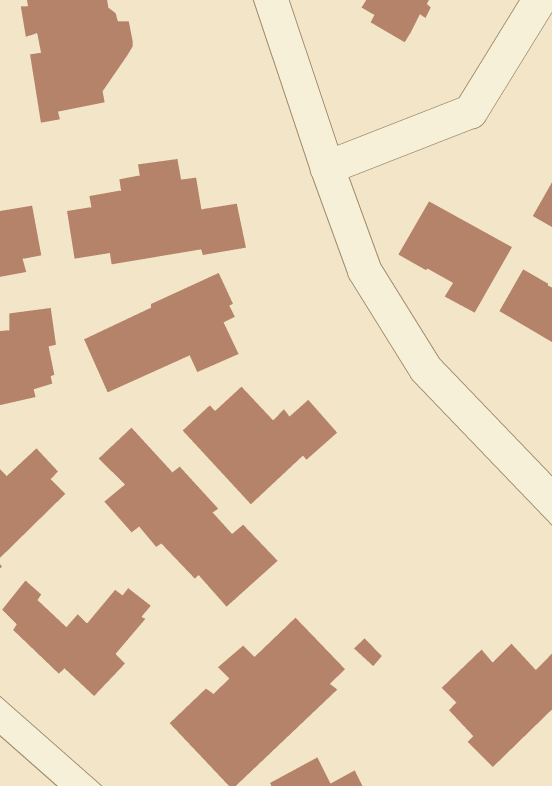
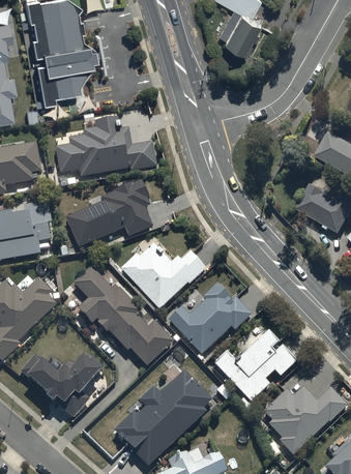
building: [398,200,513,313] -> none
building: none -> [168,283,252,355]
building: none -> [214,330,295,407]

